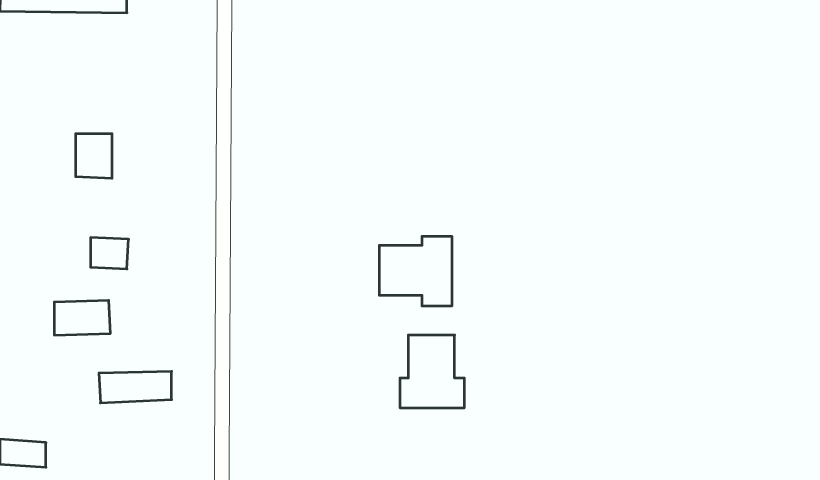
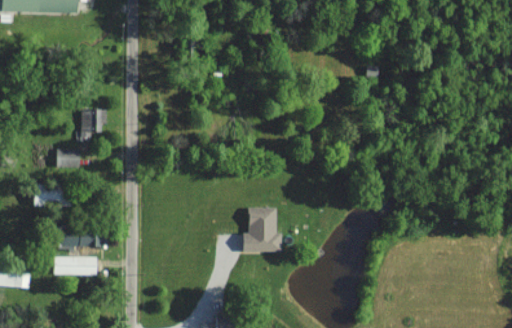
building: [76,134,112,178] -> [81,110,103,137]
building: [379,236,452,306] -> none
building: none -> [54,257,97,276]

